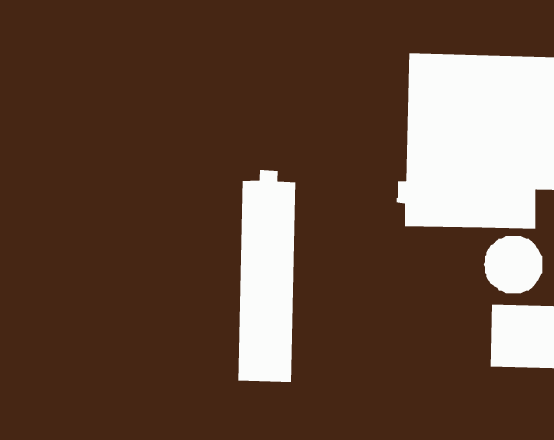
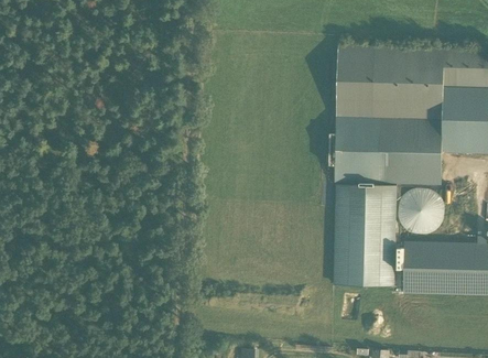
building: [238,169,296,383] -> none
building: none -> [333,182,395,284]

